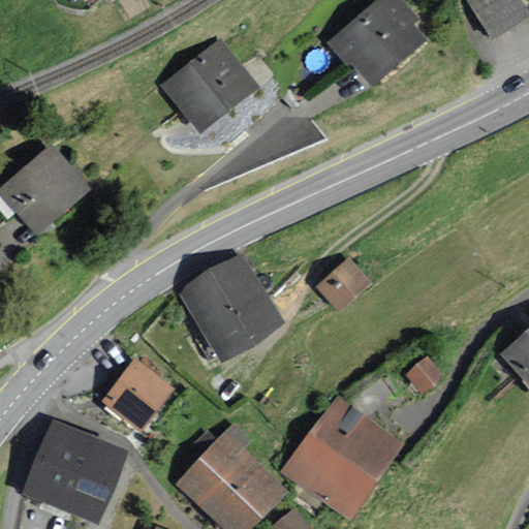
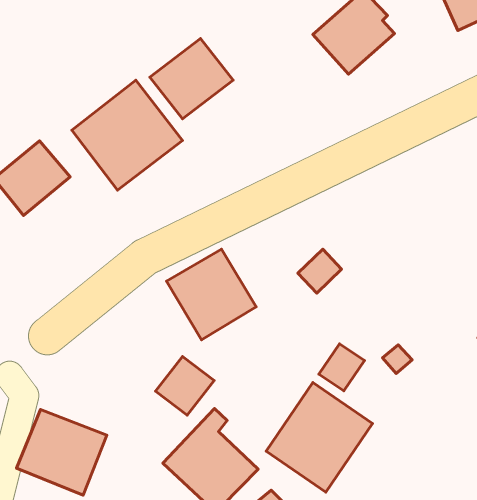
building: none -> [72,80,182,190]
building: none -> [319,344,365,391]
building: [104,363,165,424] -> [155,356,214,415]

